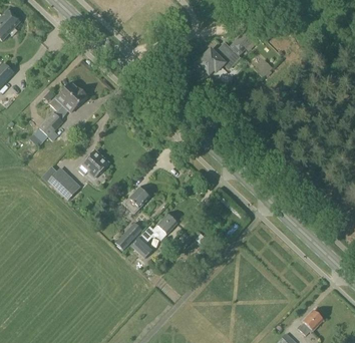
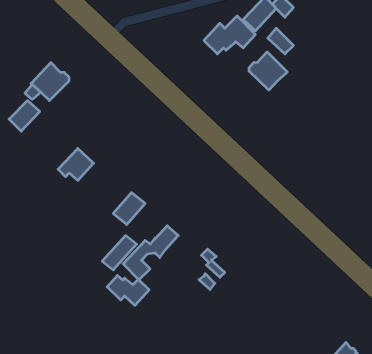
building: none -> [249,52,287,90]
building: [41,165,80,200] -> none
building: none -> [107,275,149,305]

